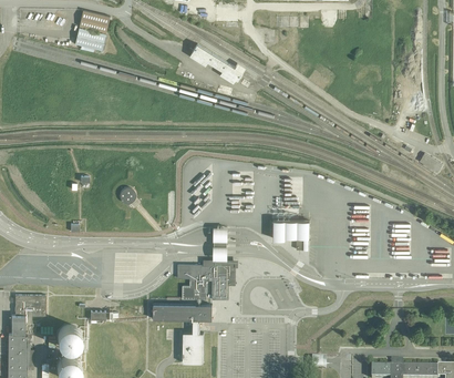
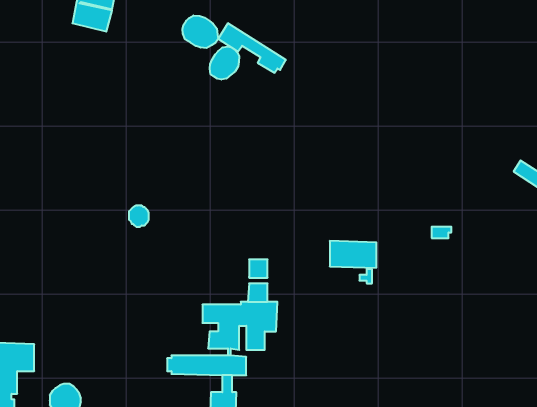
building: none -> [182,15,218,48]
building: none -> [210,46,239,80]

